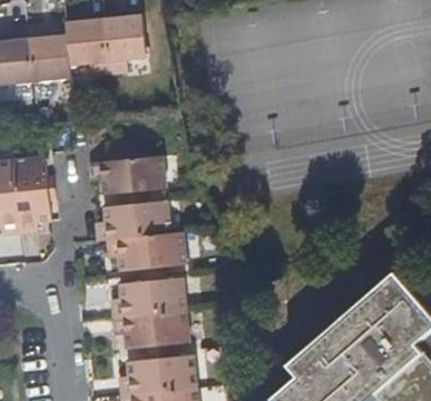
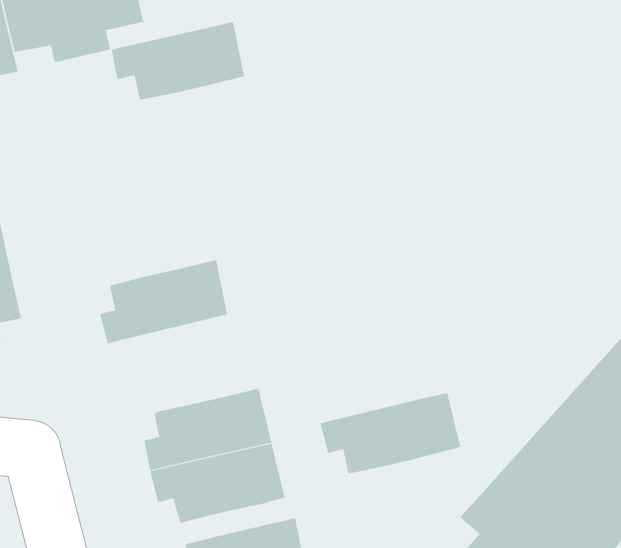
building: [92,156,167,194] -> [111,21,245,100]
building: [109,232,188,271] -> [320,393,461,474]

